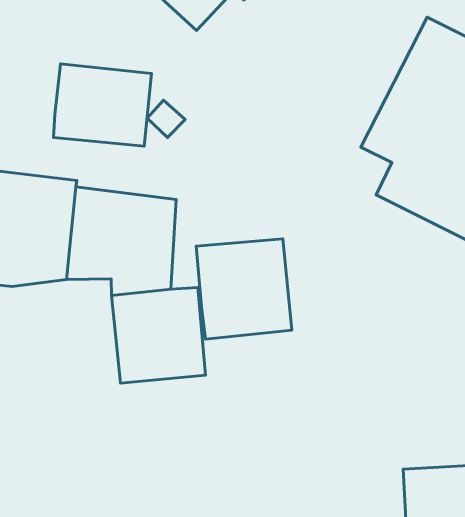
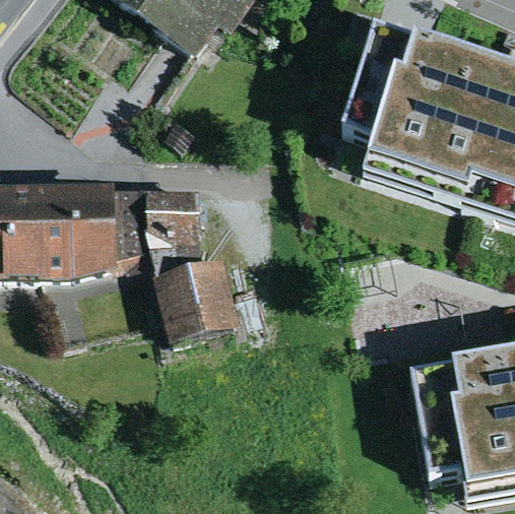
building: [53,64,152,146] -> none
building: [196,239,292,339] -> none

